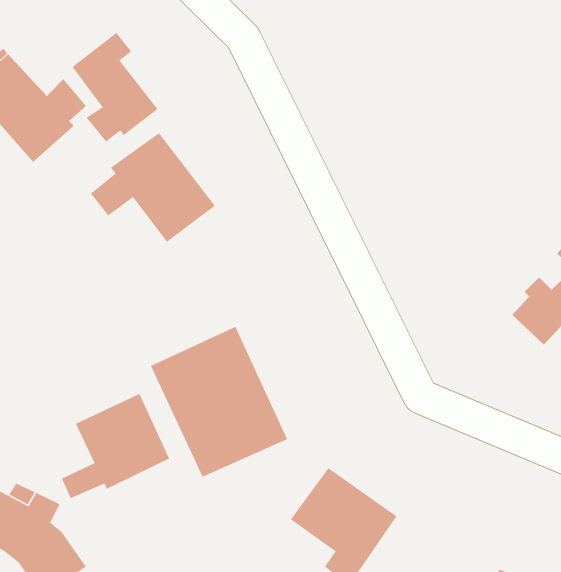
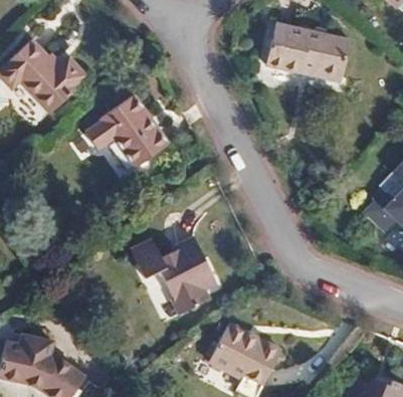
building: none -> [263,22,349,82]
building: [71,32,159,142] -> none
building: [61,393,170,499] -> none

